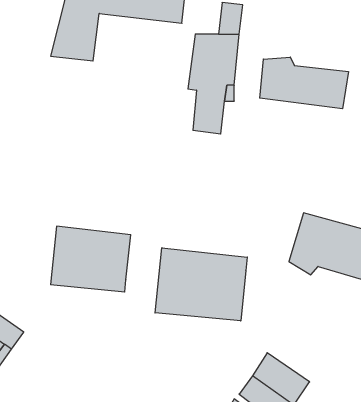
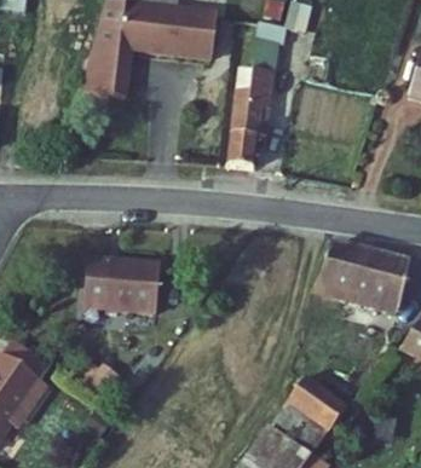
building: [260,57,348,109] -> none
building: [155,248,247,321] -> none

